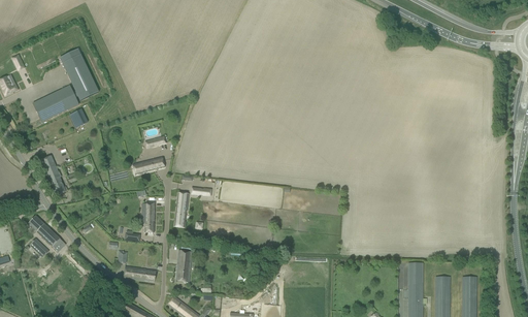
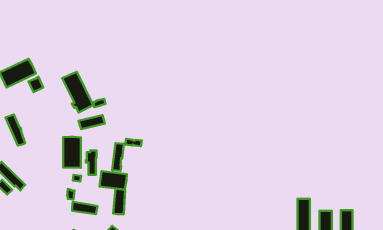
building: [59,49,98,100] -> [62,72,93,113]
building: none -> [63,137,81,168]
building: none -> [99,171,127,190]

